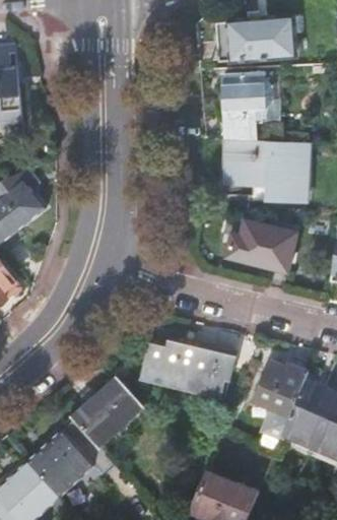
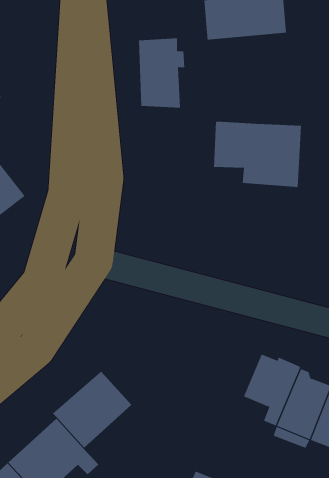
building: [224,73,269,140] -> [138,38,185,108]
building: [225,219,295,269] -> none
building: [143,336,234,394] -> none

